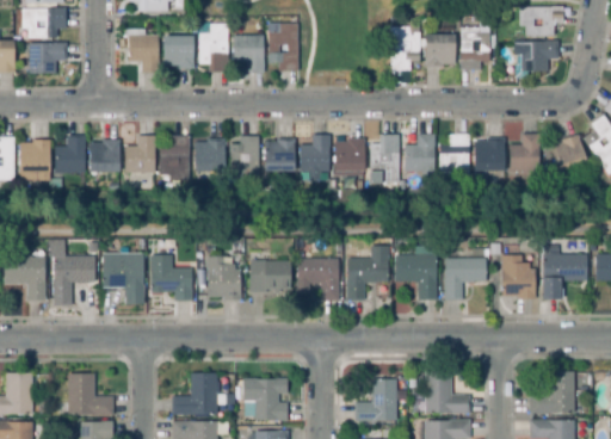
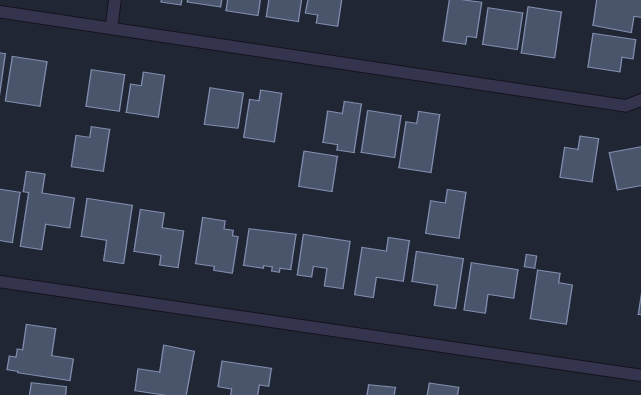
building: [405,135,434,175] -> [426,190,466,238]
building: [440,136,469,173] -> none
building: [56,137,85,174] -> [71,127,110,171]
building: [160,138,190,181] -> none
building: [476,140,506,172] -> none
building: [266,142,296,173] -> [299,151,338,191]
building: [544,247,588,301] -> none

